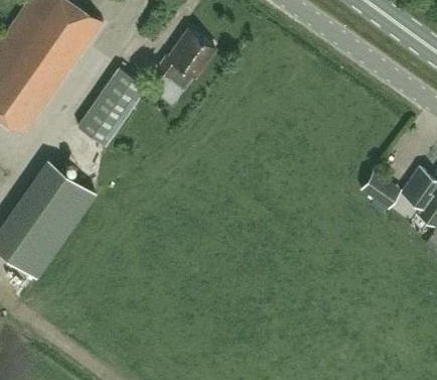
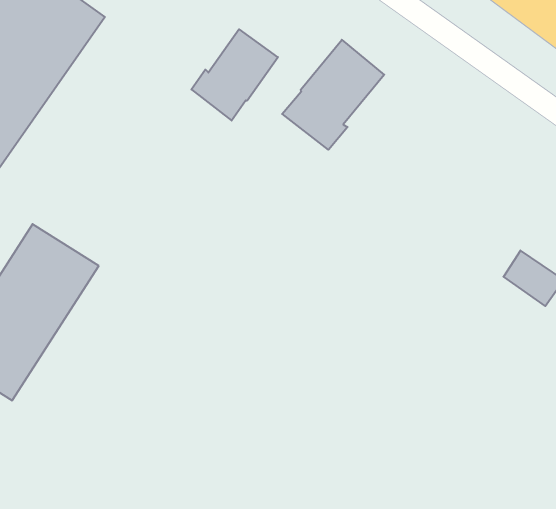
building: none -> [282,40,384,150]
building: [76,71,144,148] -> none

